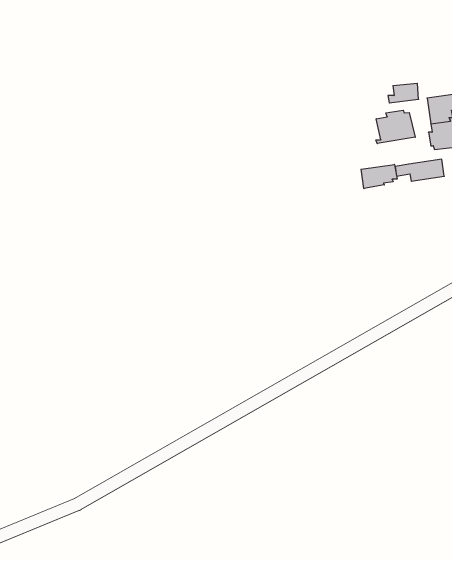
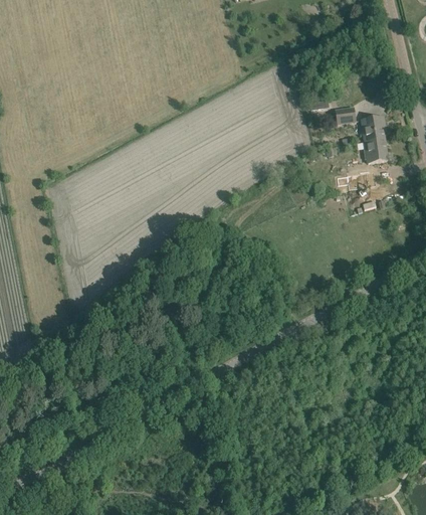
building: [376,110,415,144] -> none
building: [361,164,397,189] -> none

